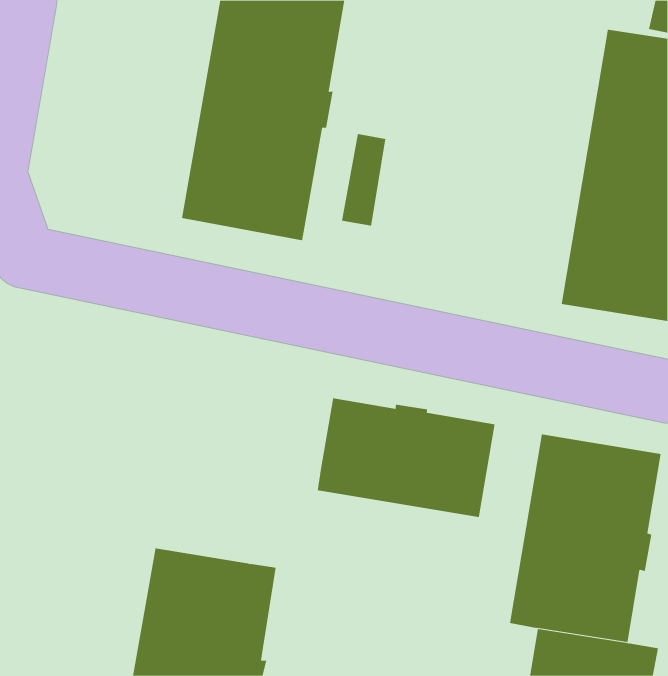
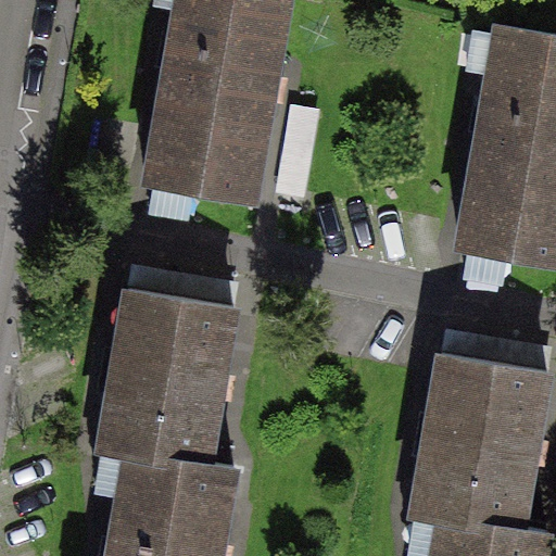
building: none -> [102,290,231,463]
building: [317,397,495,518] -> none

